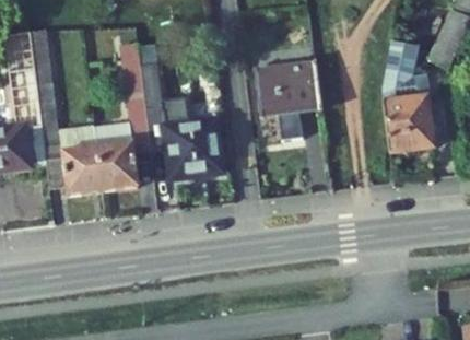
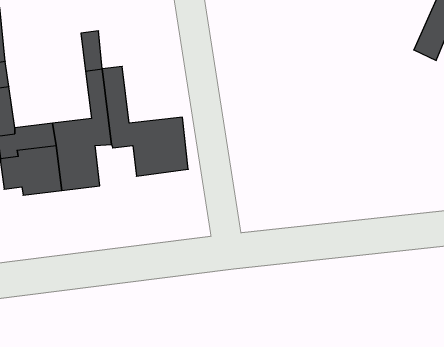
building: [381,42,434,153] -> none
building: [254,62,320,115] -> none

